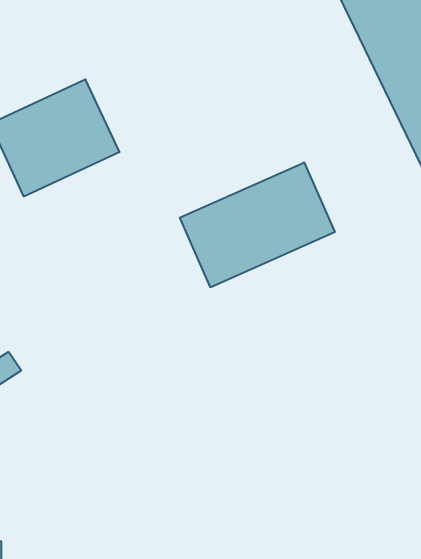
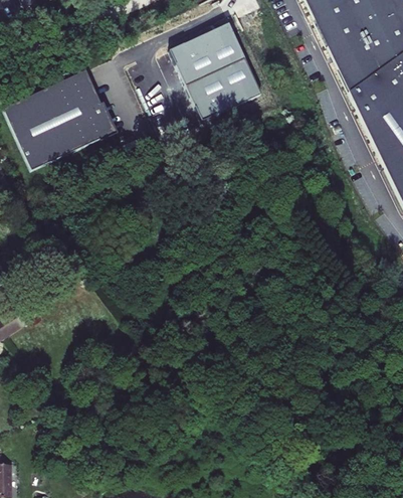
building: none -> [169,22,261,121]
building: [180,162,335,287] -> none

